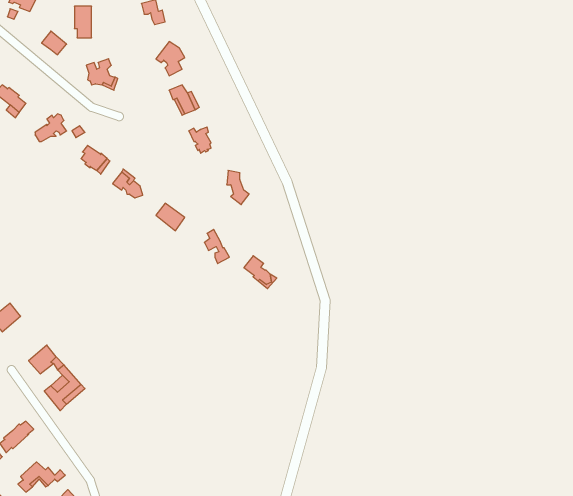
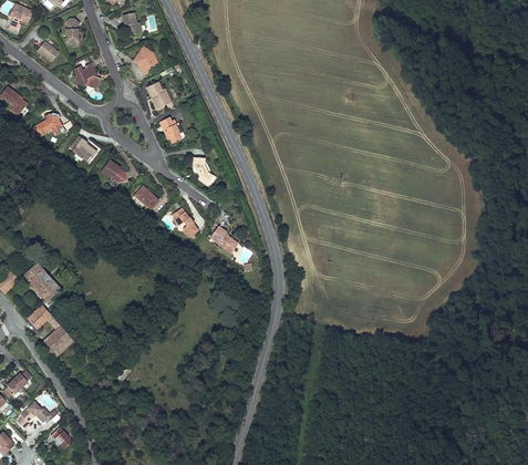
building: none -> [21,260,61,304]

